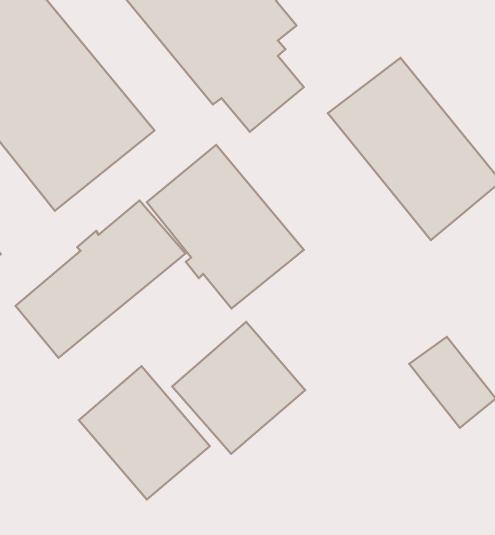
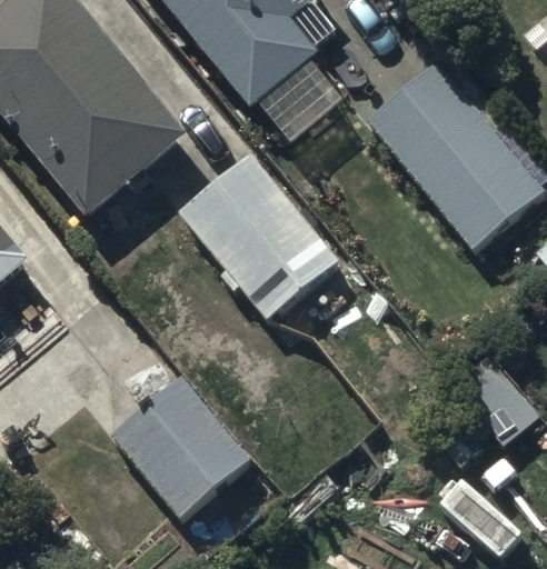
building: [16,200,185,358] -> none
building: [172,322,305,454] -> none

